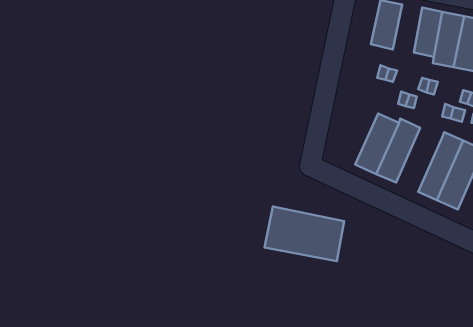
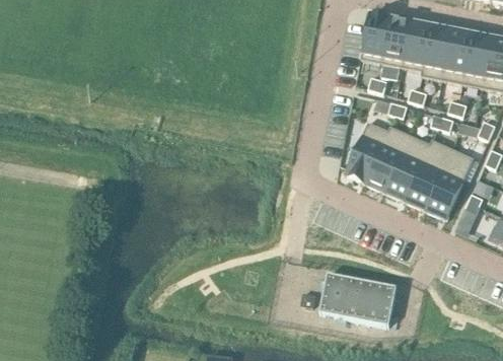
building: none -> [382,17,411,64]
building: none -> [385,137,430,199]
building: [265,207,344,261] -> [319,273,397,326]

